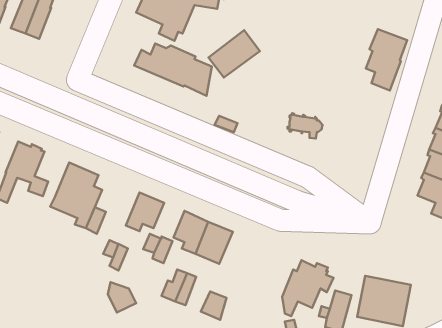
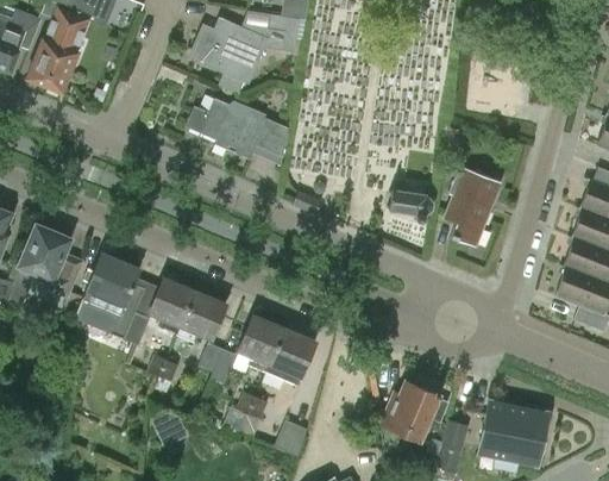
building: [366,29,407,90] -> [444,167,497,246]
building: [209,30,260,78] -> none
building: none -> [149,279,194,335]

